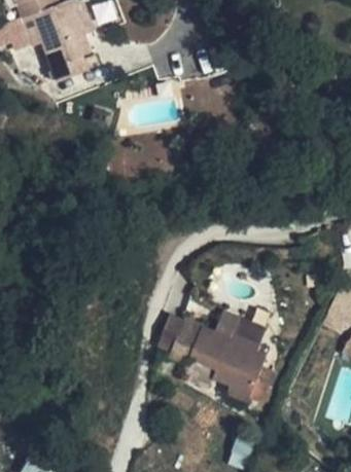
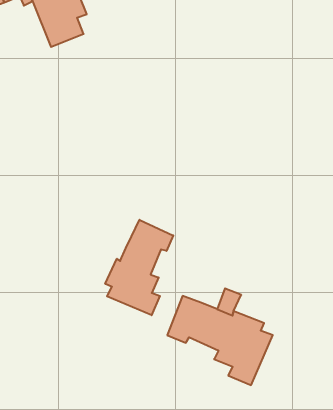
building: none -> [105,220,173,315]

